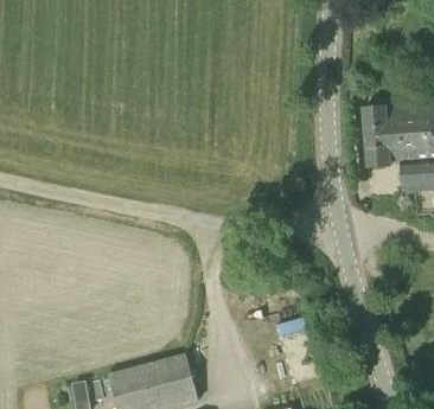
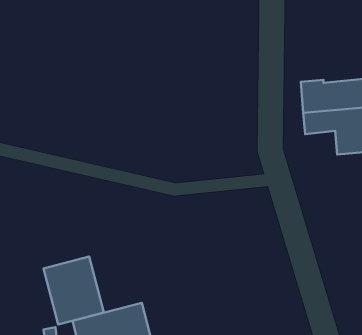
building: none -> [43,256,104,325]

